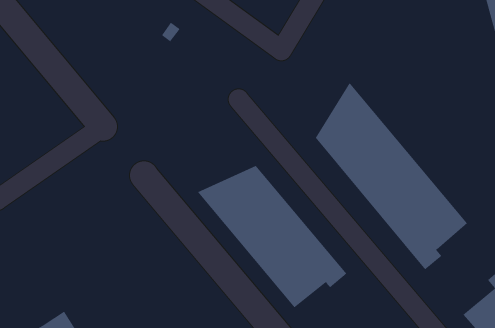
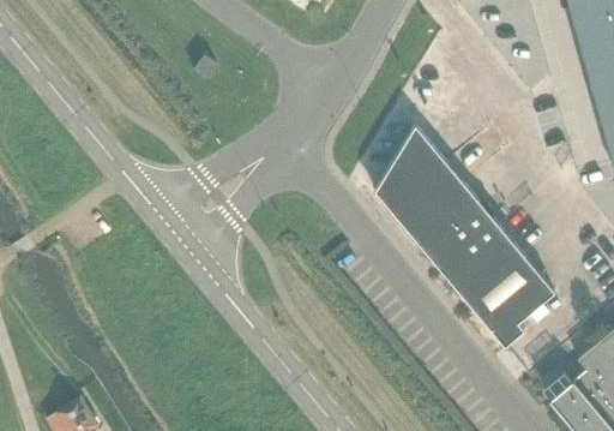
building: [197,165,347,308] -> none

